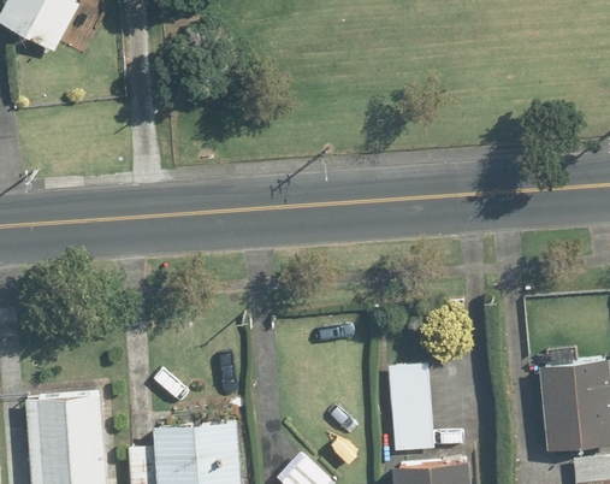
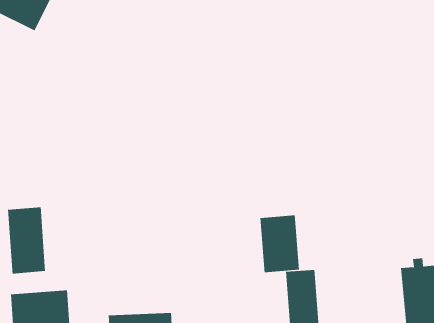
building: none -> [8,207,46,274]
building: none -> [260,214,299,273]

